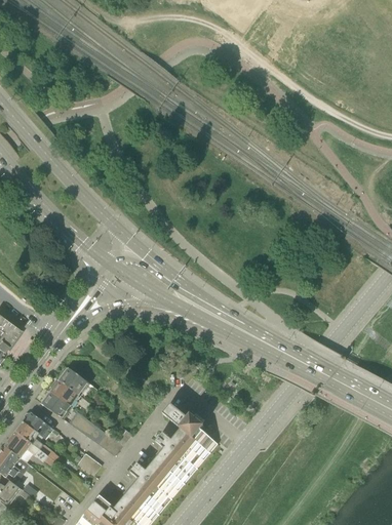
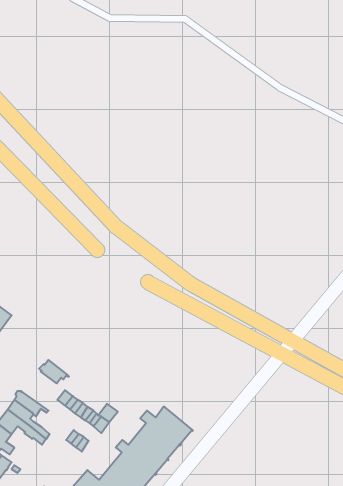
building: [57,367,92,395] -> none
building: [41,392,70,419] -> none
building: [162,404,217,453] -> none

